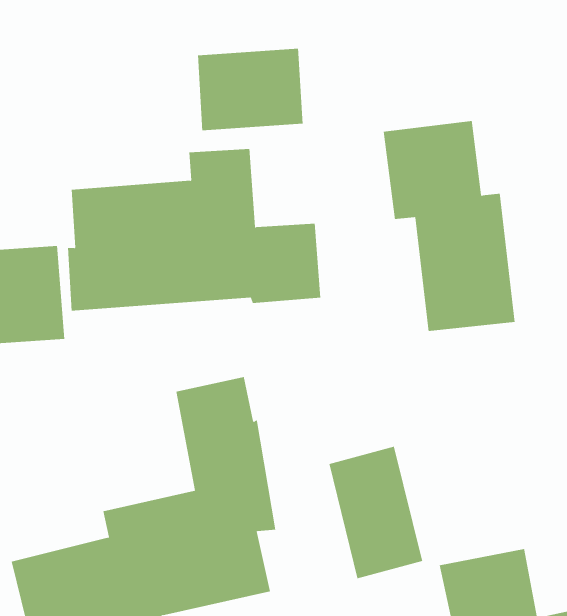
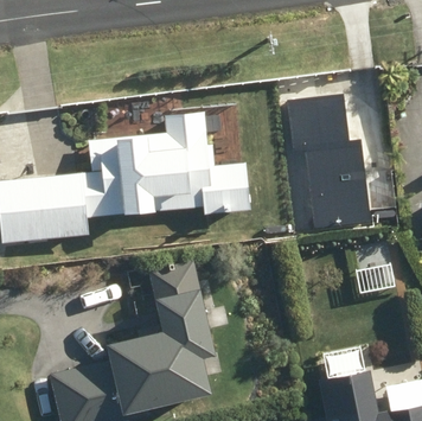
building: [197,48,303,131] -> none
building: [329,446,423,579] -> none

